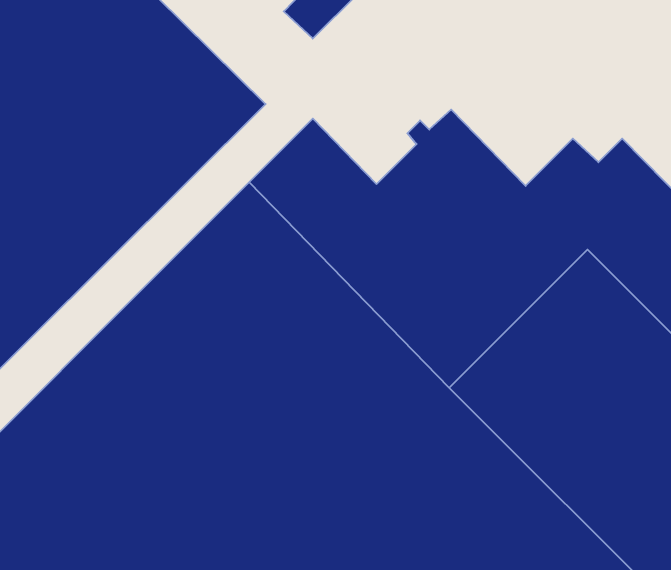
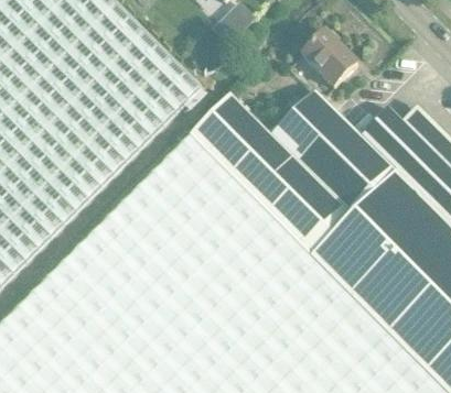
building: none -> [300,33,355,88]

